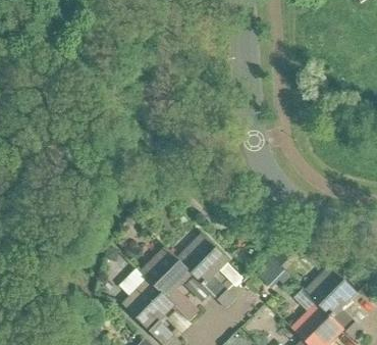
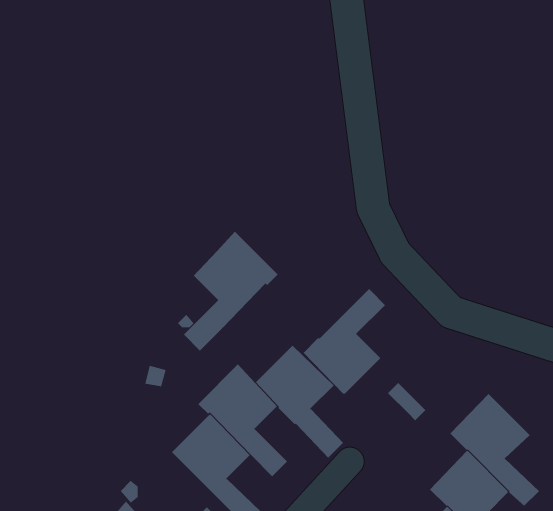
building: none -> [183,231,278,351]
building: none -> [303,288,386,395]

